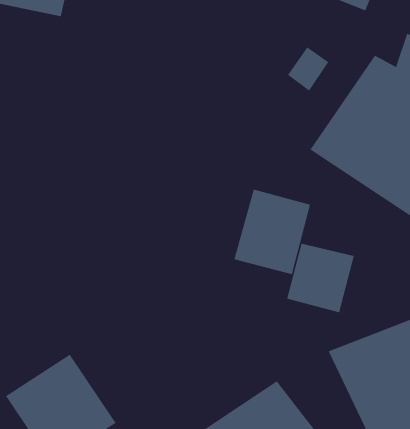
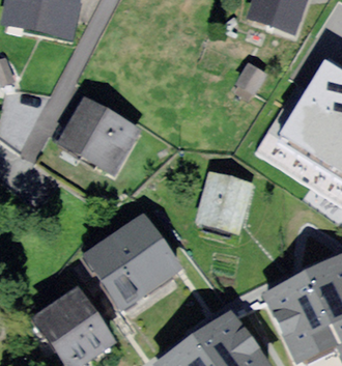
building: none -> [62,97,141,173]
building: [287,243,355,313] -> none
building: none -> [83,217,179,309]

